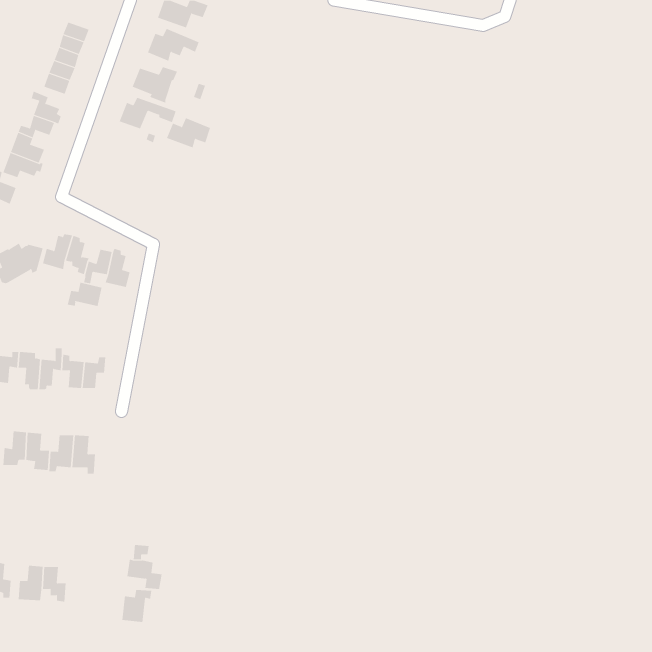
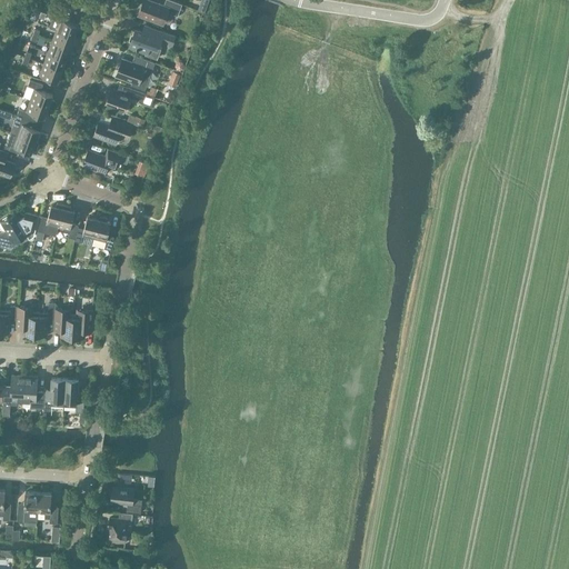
building: [166,118,211,148] -> [92,118,131,144]
building: none -> [81,150,122,174]
building: [67,282,102,307] -> none

